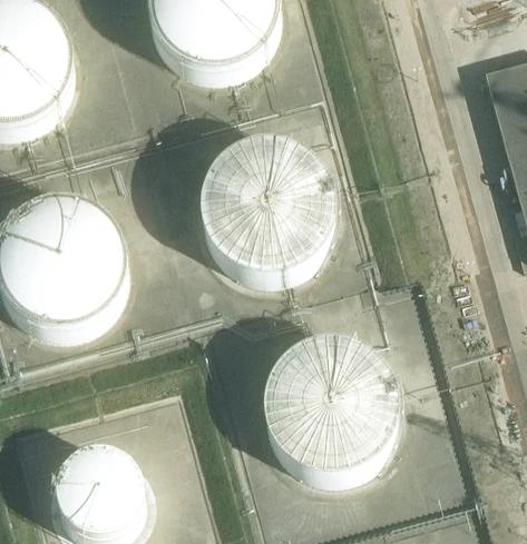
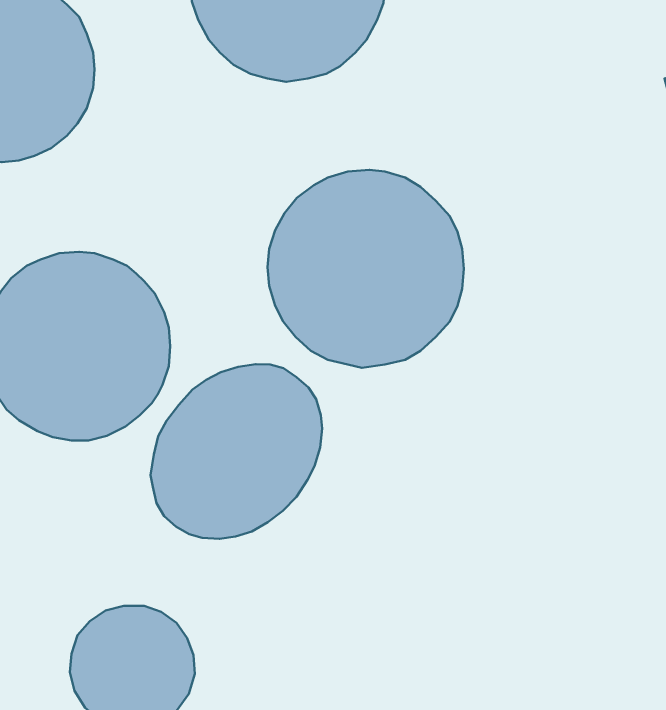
building: none -> [151,364,322,539]
building: [261,337,402,479] -> none

